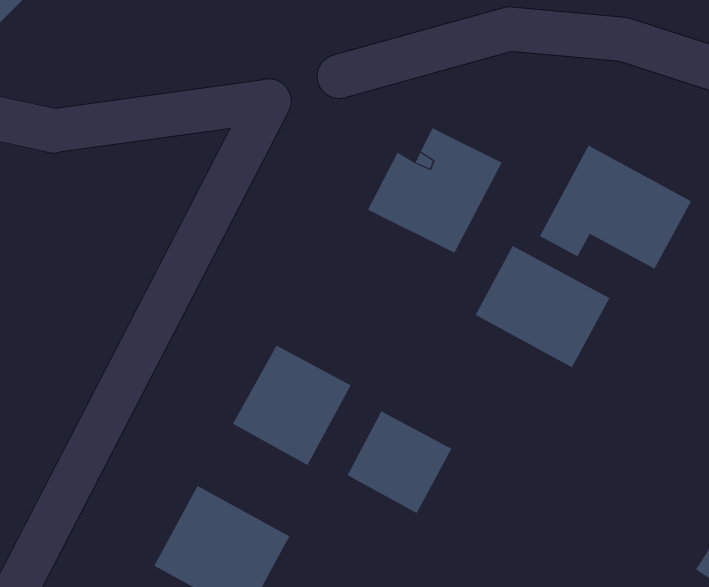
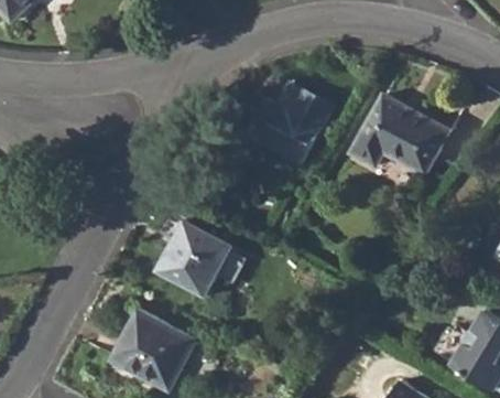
building: [475,245,610,368] -> none
building: [347,411,452,514] -> none

